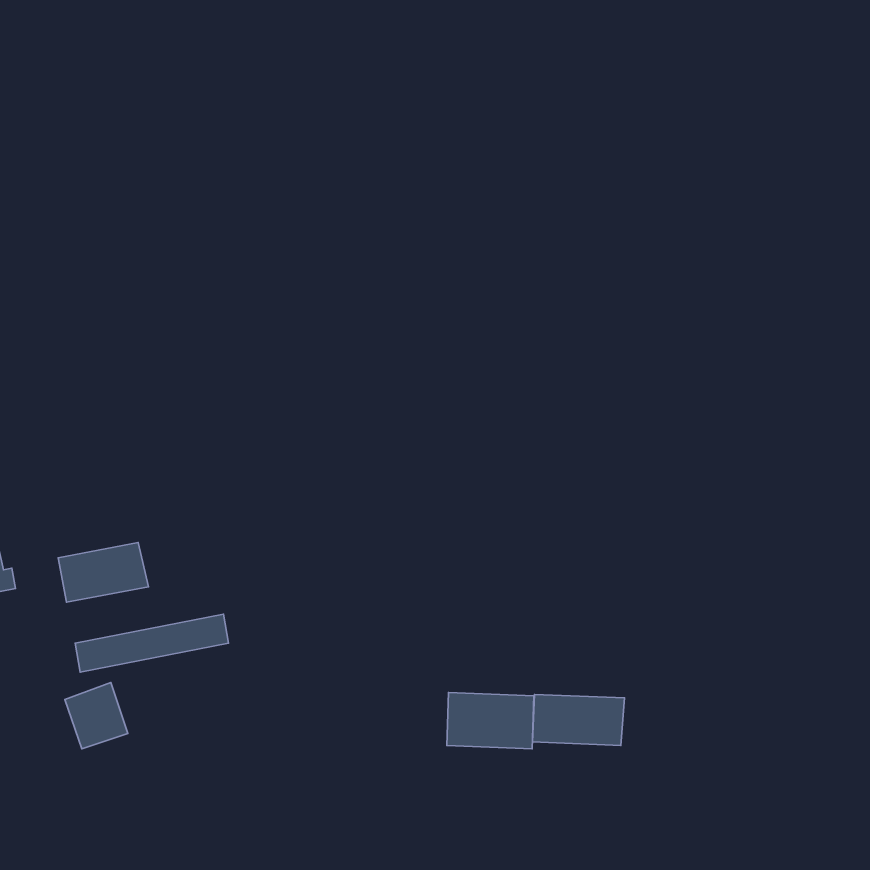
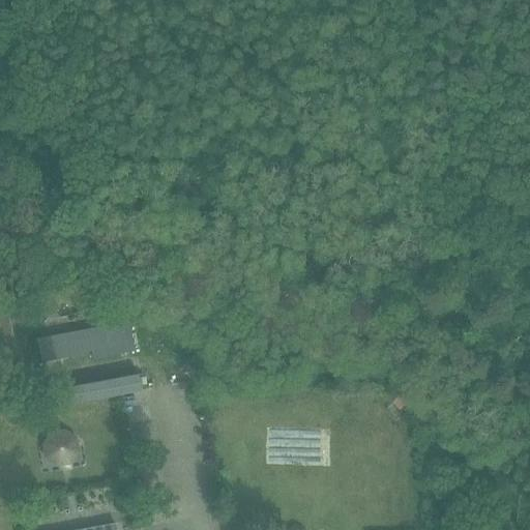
building: none -> [84,322,132,360]
building: [532,695,624,745] -> none

